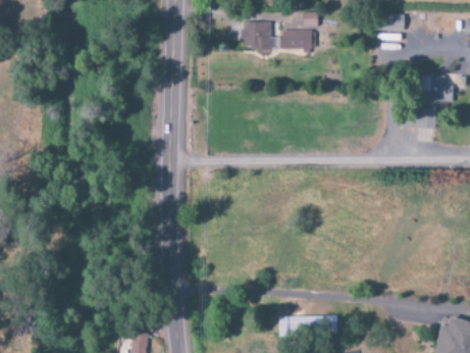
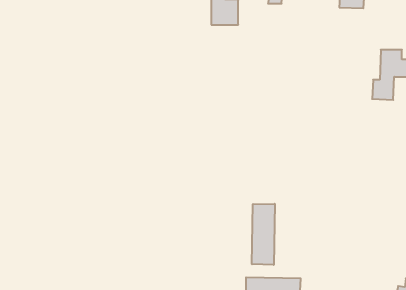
building: [282,30,314,49] -> none
building: none -> [252,204,275,265]

